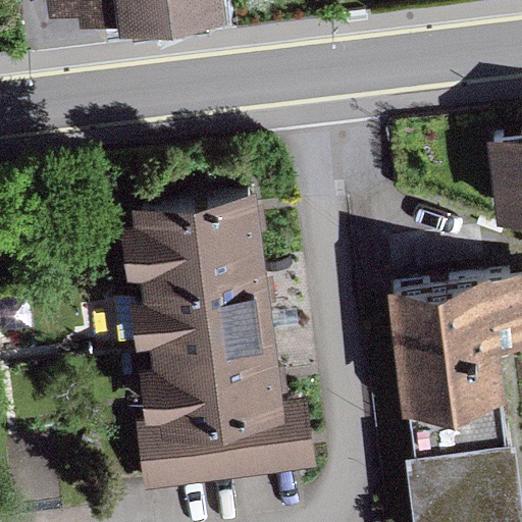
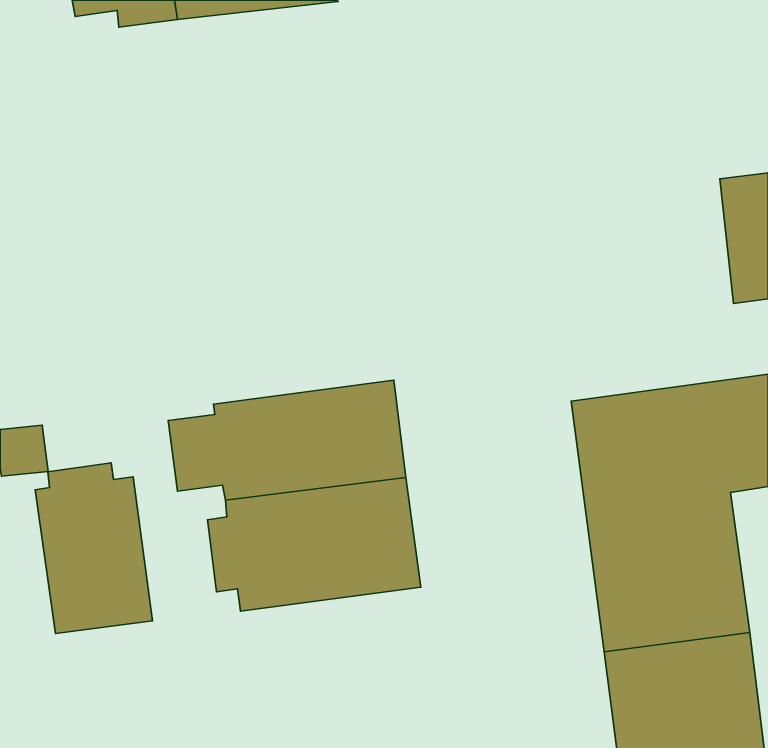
building: [122,189,267,288] -> none
building: none -> [35,463,152,633]
building: [144,409,316,492] -> none

